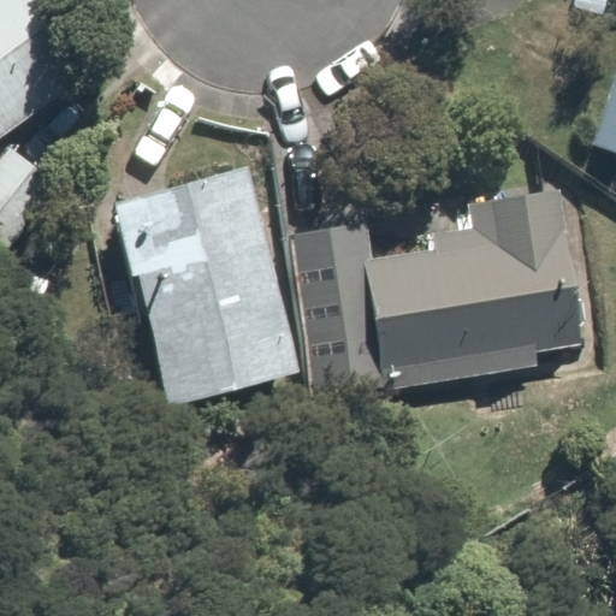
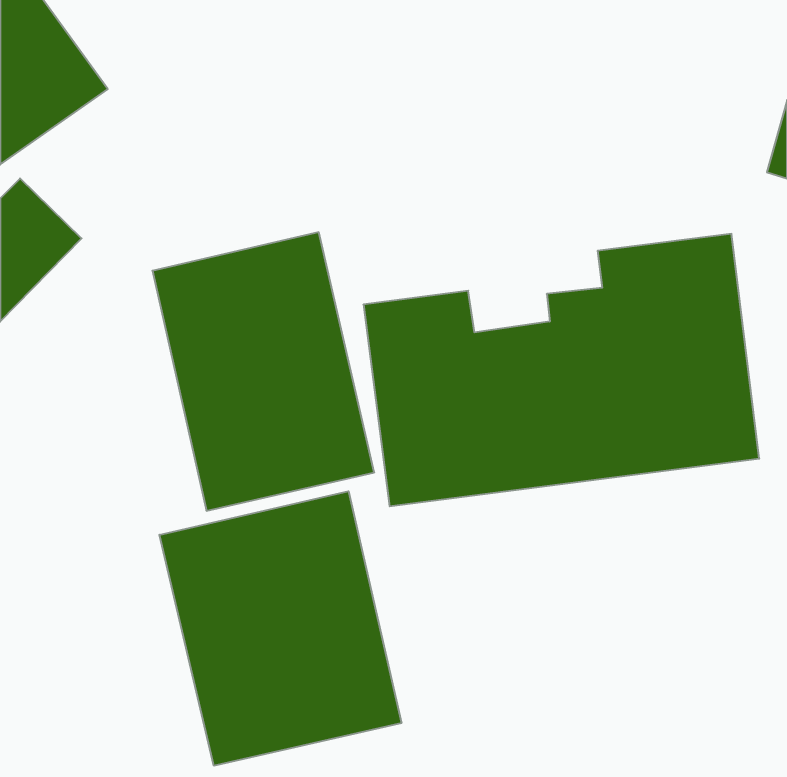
building: none -> [159,491,401,766]

